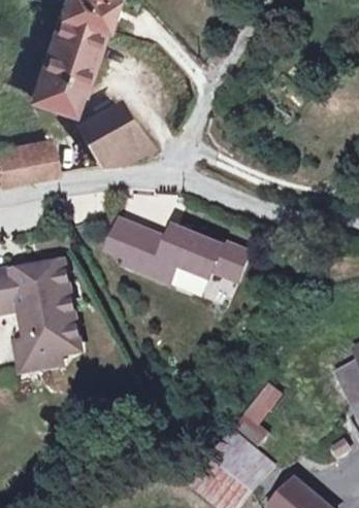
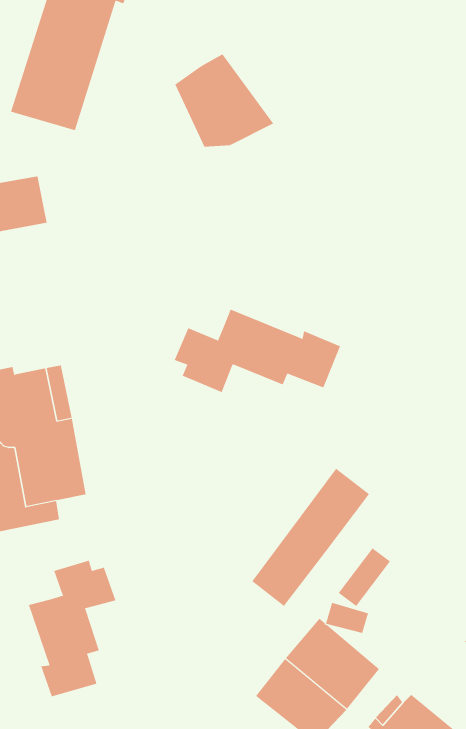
building: [84,103,150,165] -> [174,53,274,147]
building: [111,222,172,263] -> none
building: none -> [251,468,370,607]
building: none -> [28,560,116,697]

